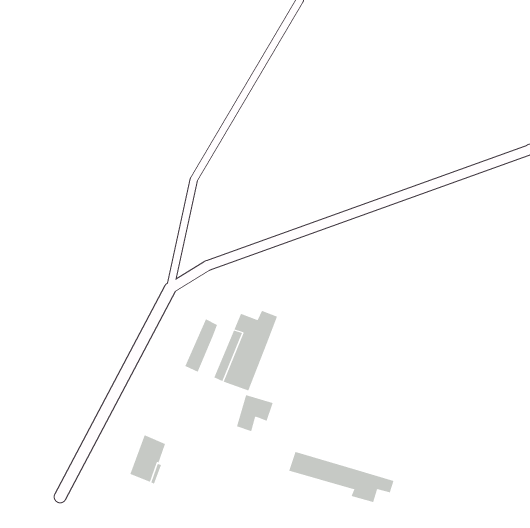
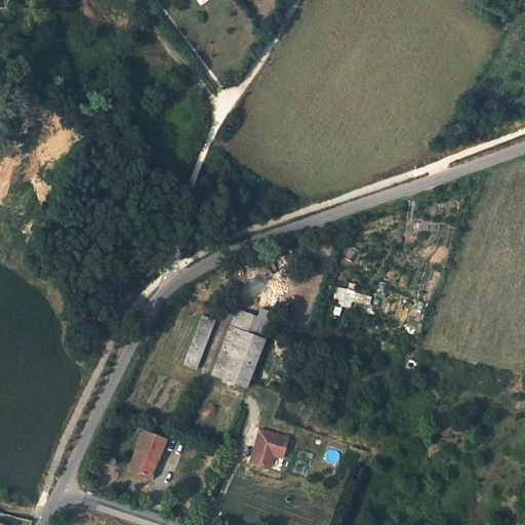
building: [236,394,273,432] -> [251,429,288,466]
building: [288,451,394,503] -> none

